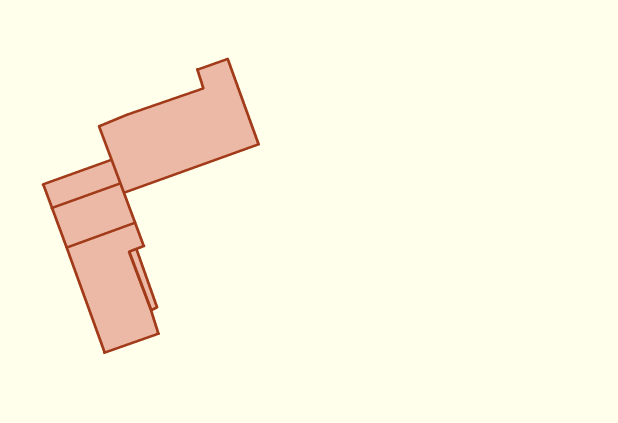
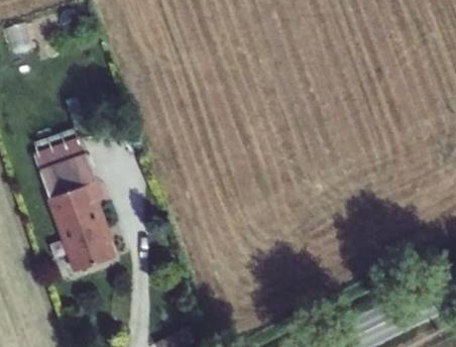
building: [99,59,259,193] -> none

